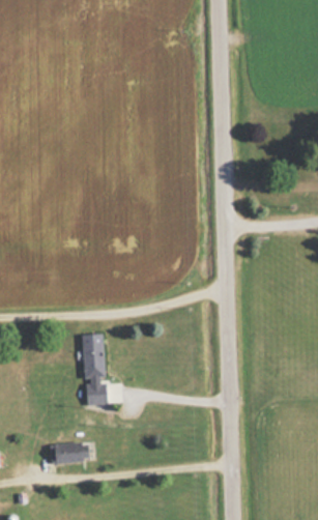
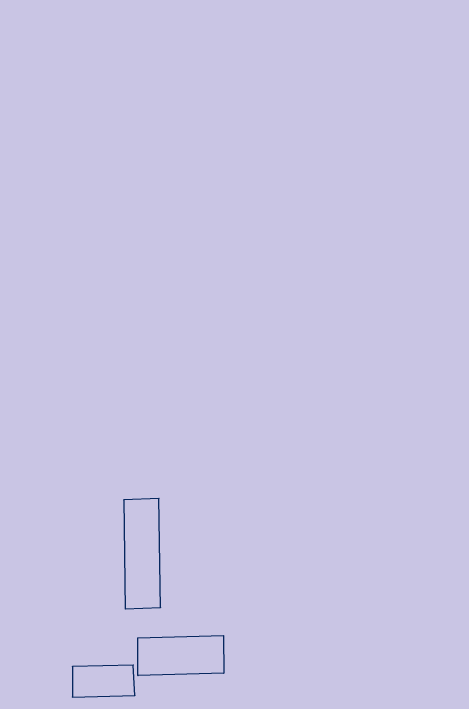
building: none -> [138,636,224,676]

